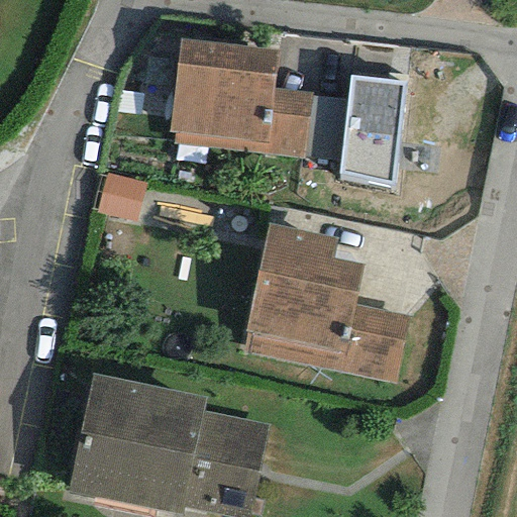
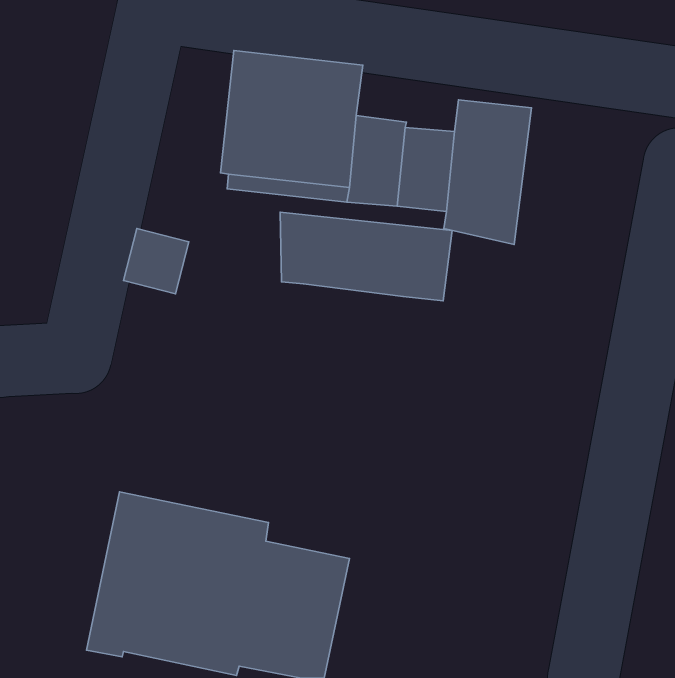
building: none -> [280,212,452,301]
building: [245,224,410,384] -> none

